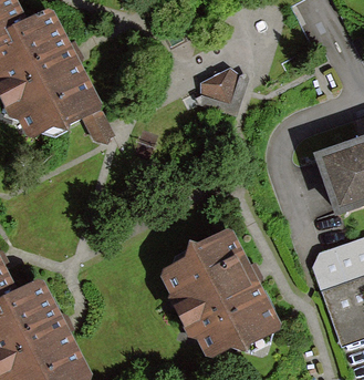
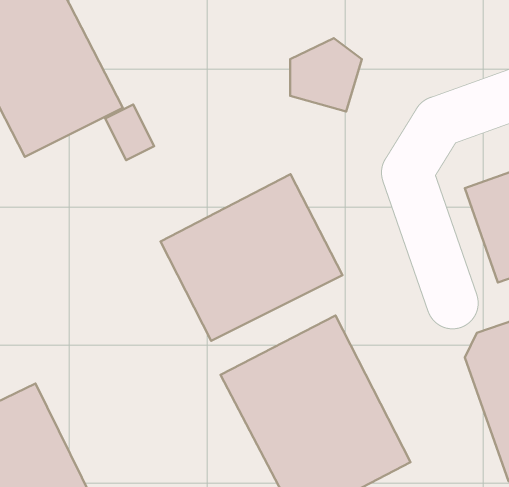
building: none -> [160,174,343,341]

